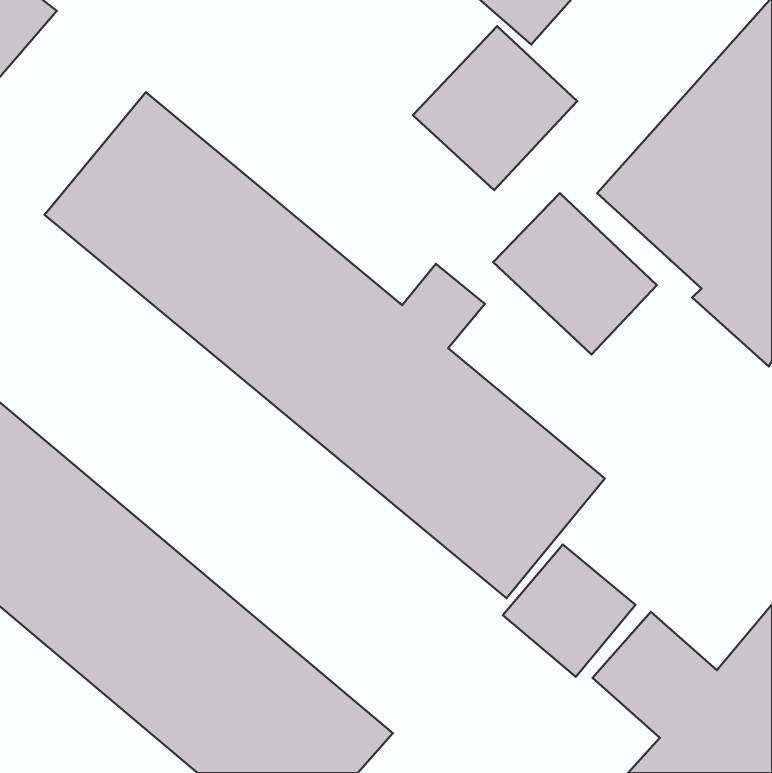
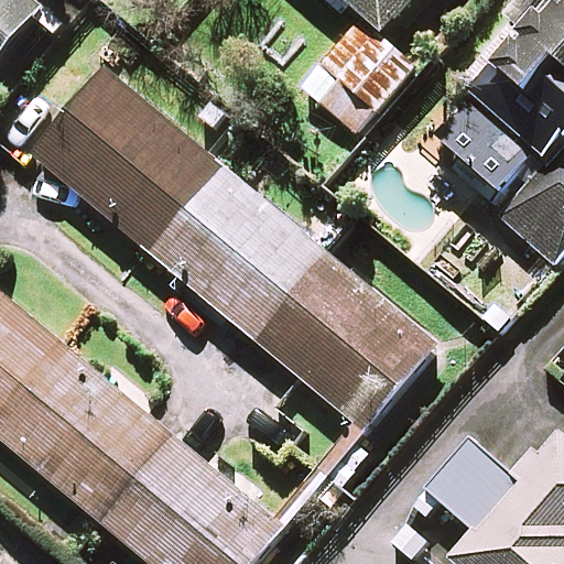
building: [493,193,657,354] -> none
building: [503,544,635,677] -> none

